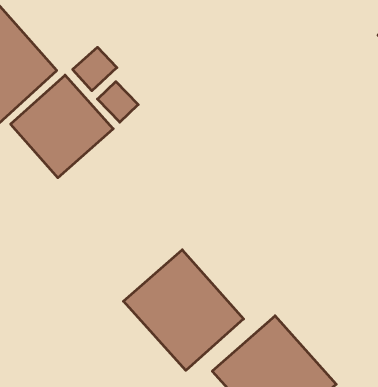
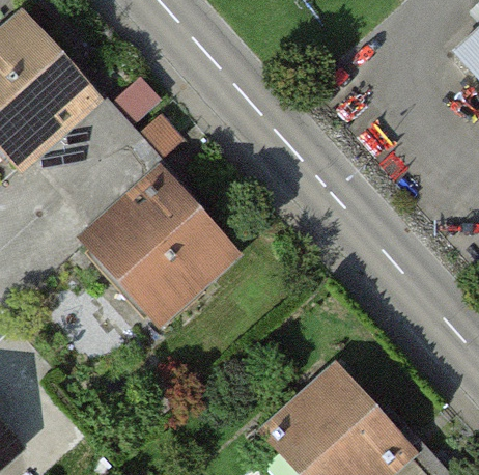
building: none -> [94,169,233,308]
building: [123,250,244,370] -> none

